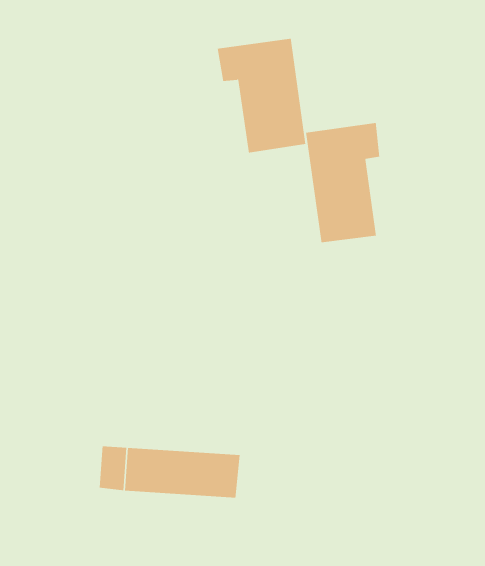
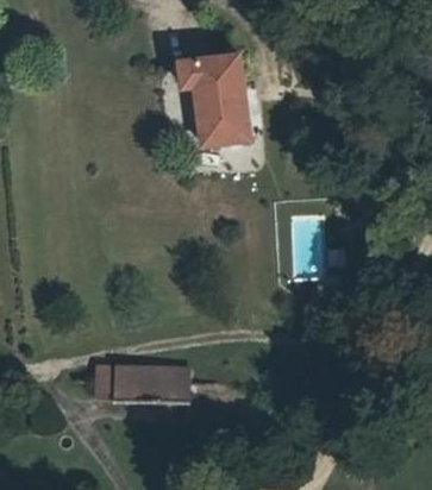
building: [306,122,380,243] -> none

